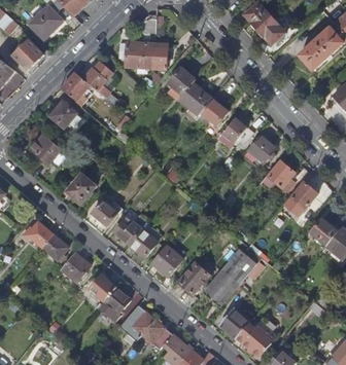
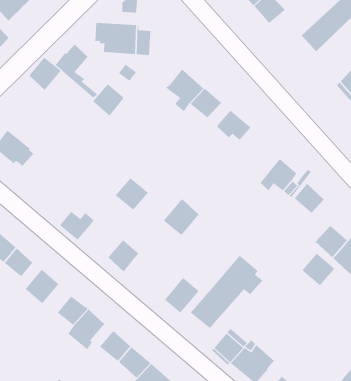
building: [167,66,195,95] -> [92,84,124,117]
building: [48,99,76,127] -> none
building: [248,134,276,161] -> none
building: [66,173,94,202] -> none
building: [112,216,142,245] -> [115,177,149,210]
building: none -> [301,253,335,286]
building: [150,244,182,277] -> [163,198,199,236]

